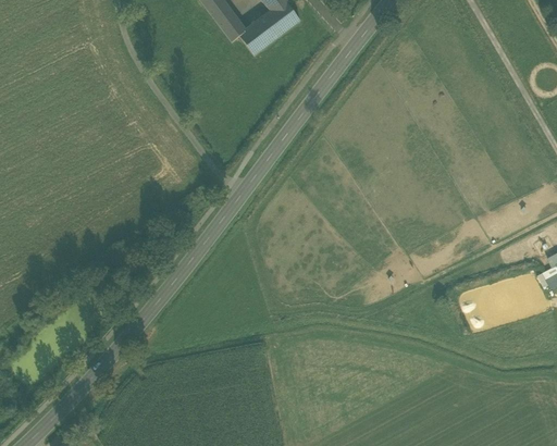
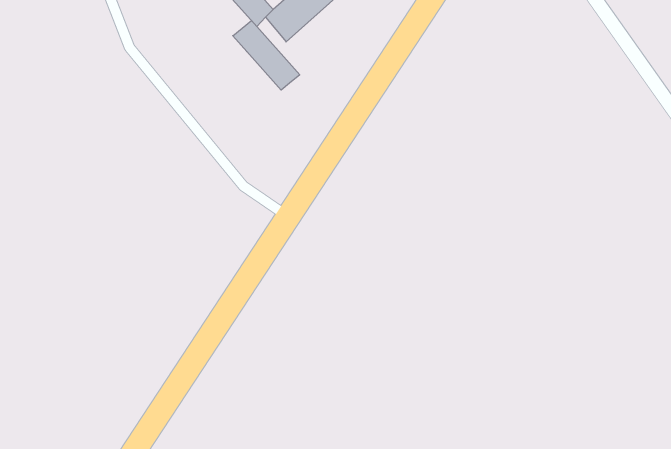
building: none -> [233,21,300,90]

